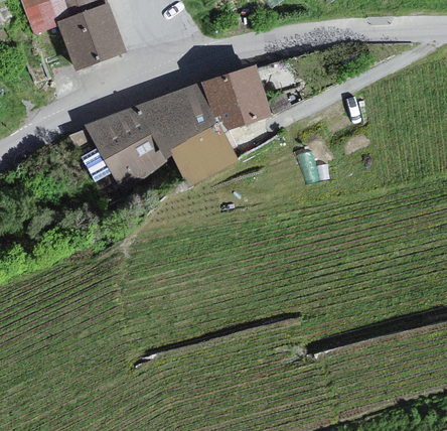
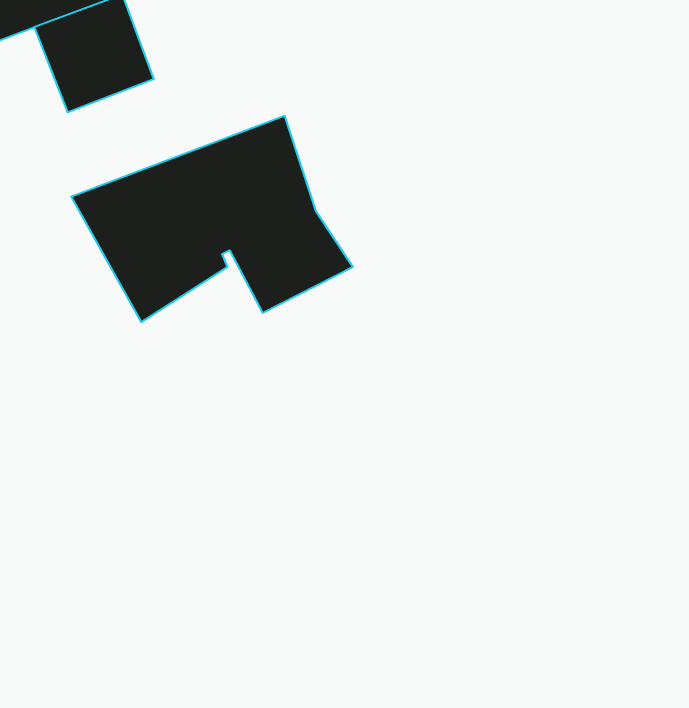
building: [200,61,269,131] -> none

